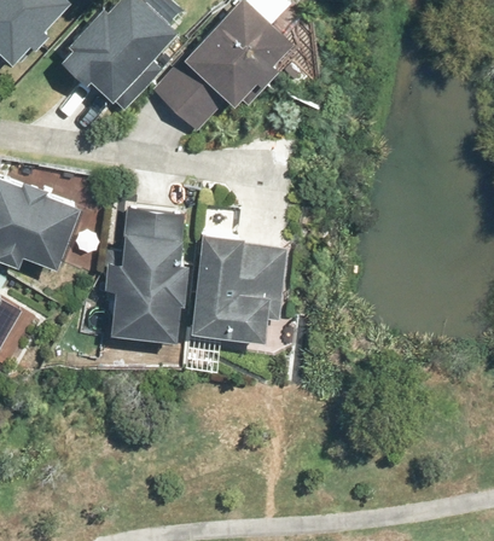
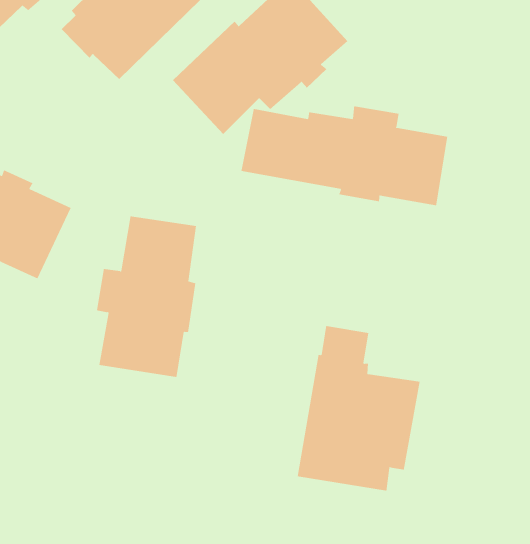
building: none -> [241,105,448,206]
building: [190,208,286,341] -> [297,326,420,491]

